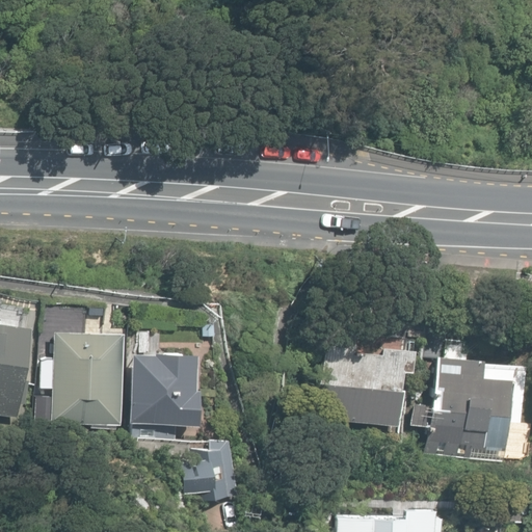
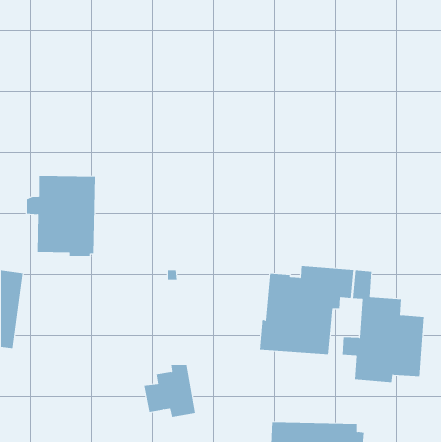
building: [42,334,125,430] -> [26,176,96,256]
building: [130,353,198,425] -> none

